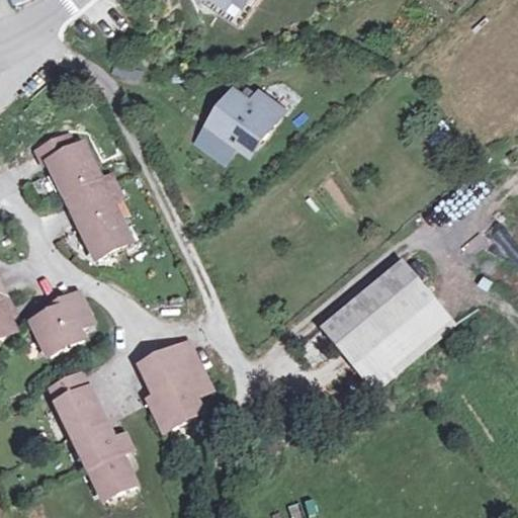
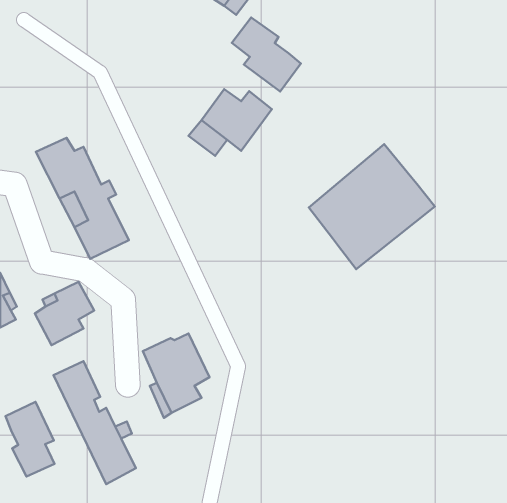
building: none -> [232,18,301,91]
building: [320,262,448,390] -> [309,144,435,269]
building: none -> [5,402,54,477]

